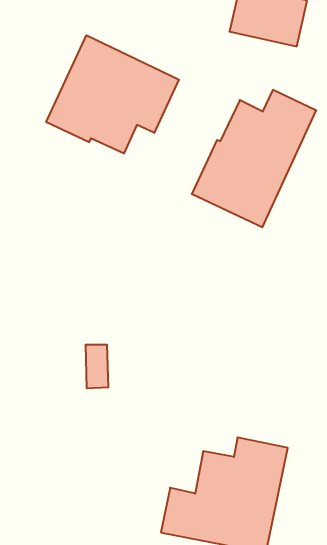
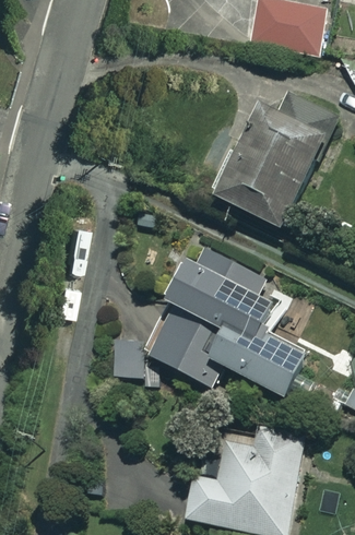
building: [46,35,179,154] -> none
building: none -> [150,250,307,395]

